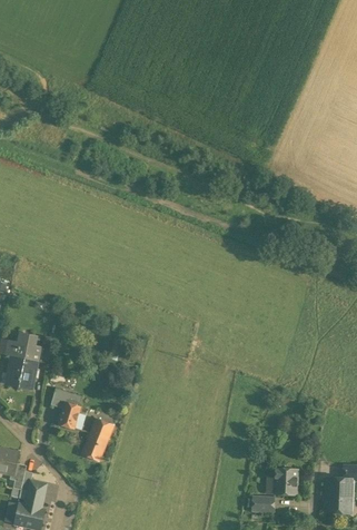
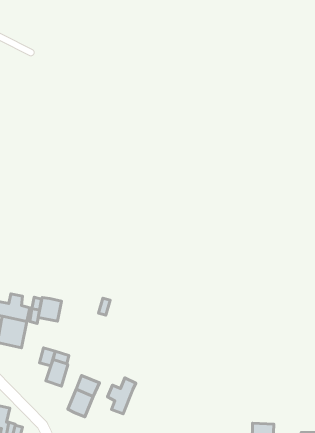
building: none -> [38,297,62,321]
building: none -> [108,378,136,414]

